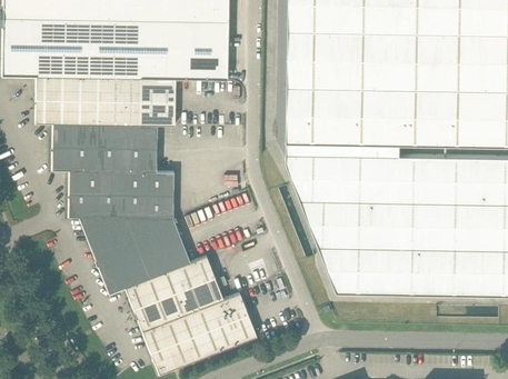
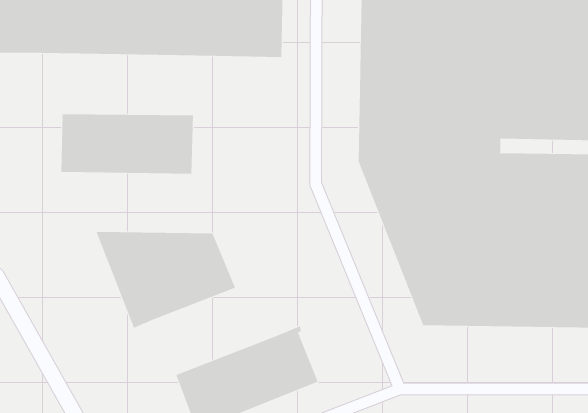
building: [36,77,175,126] -> none
building: [68,171,173,219] -> none
building: [124,257,222,331] -> none

